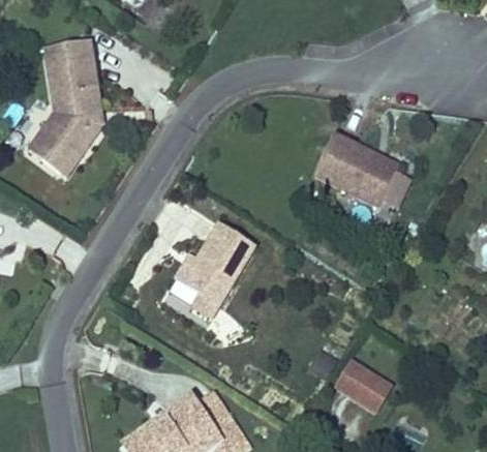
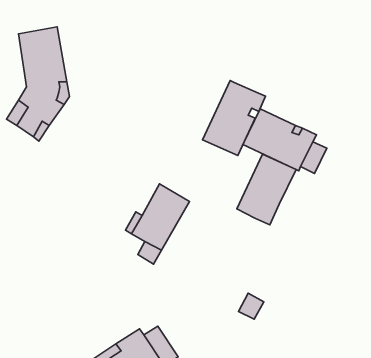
building: none -> [202,80,266,155]
building: none -> [237,154,296,225]
building: [331,361,391,415] -> none

